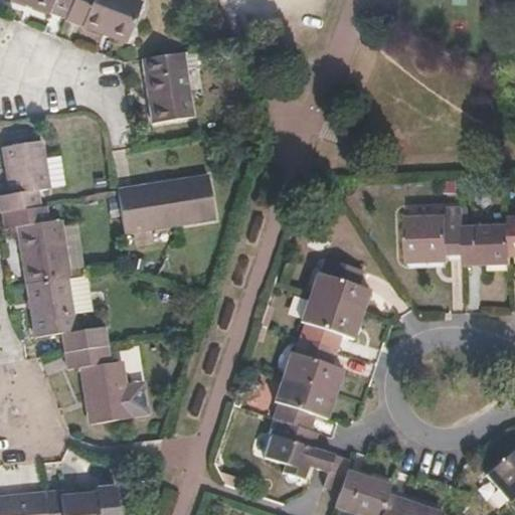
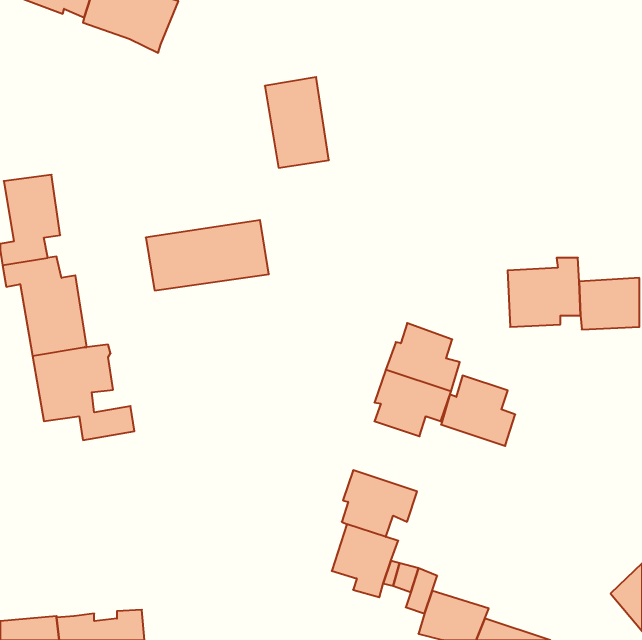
building: [142,50,193,123] -> [265,77,329,168]
building: [283,337,342,393] -> [441,376,515,446]
building: [66,345,149,425] -> none

